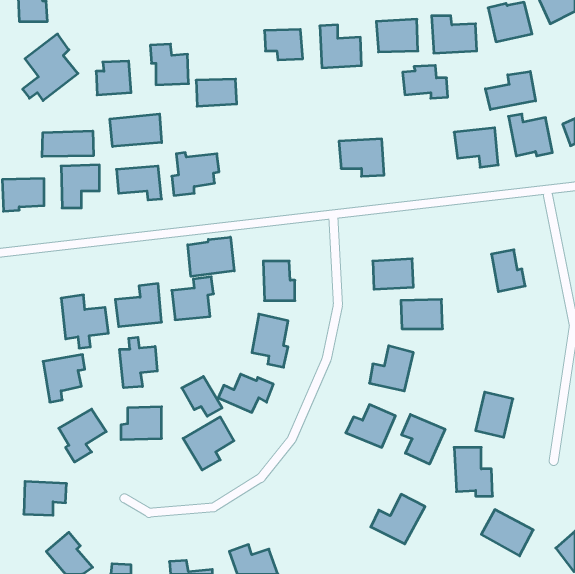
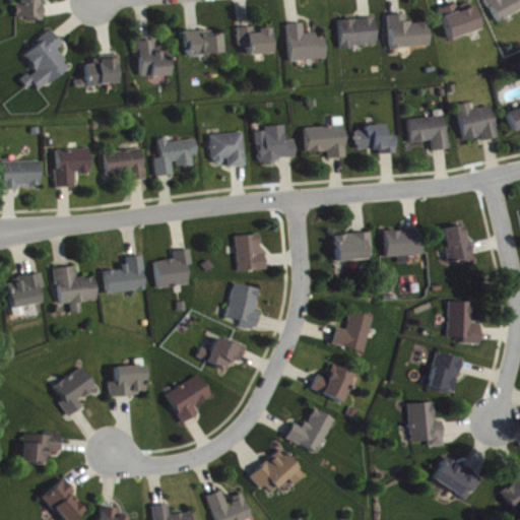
building: [403,65,448,98] -> [354,124,395,153]
building: [485,71,536,110] -> none
building: [196,79,237,106] -> [186,30,222,55]
building: [110,114,162,147] -> none
building: [42,131,93,157] -> none
building: none -> [257,125,296,160]
building: none -> [210,132,246,167]
building: [188,237,234,276] -> none
building: [401,299,443,329] -> [385,229,422,255]
building: none -> [447,302,480,344]
building: [120,337,157,388] -> none
building: [43,355,85,402] -> [6,273,44,316]
building: [182,376,222,416] -> none
building: [402,414,445,464] -> none
building: [371,494,425,544] -> [285,408,334,453]
building: none -> [251,448,305,495]

